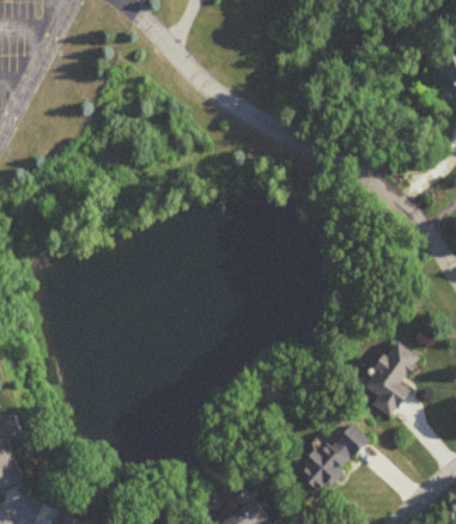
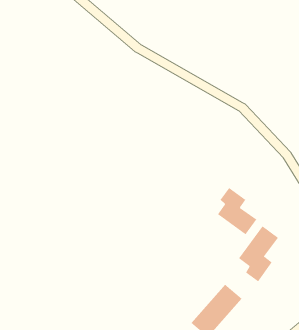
building: none -> [217,187,257,235]

